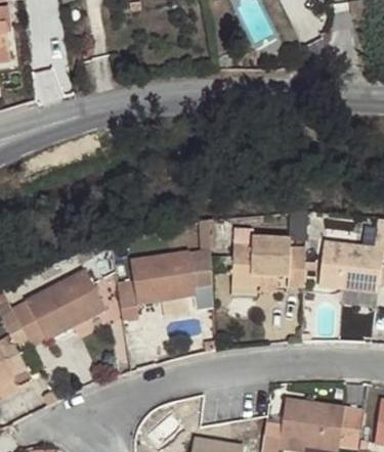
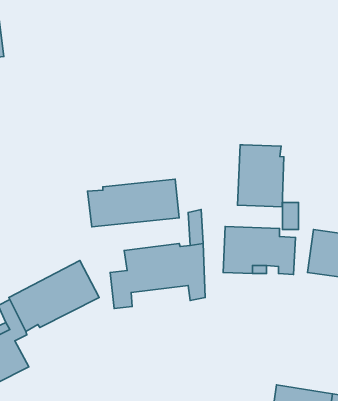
building: none -> [238,145,284,207]
building: none -> [88,179,179,227]

